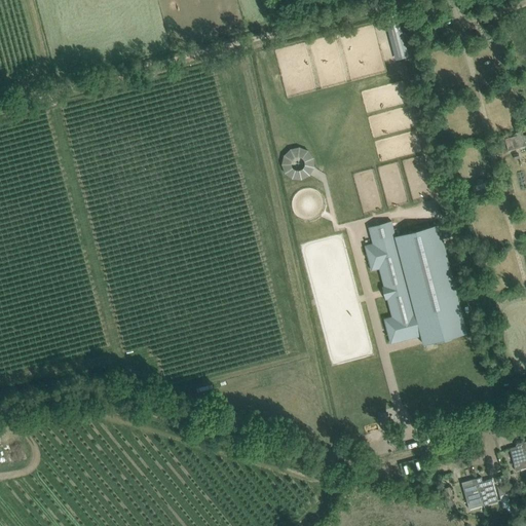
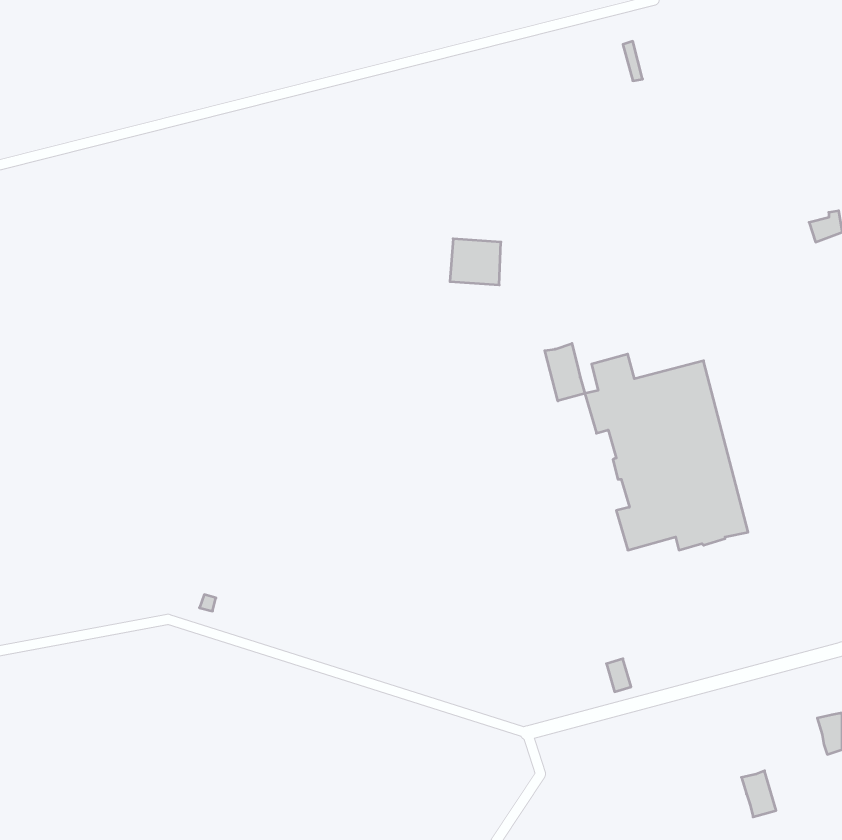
building: none -> [545,343,585,401]
building: [476,478,498,506] -> none

